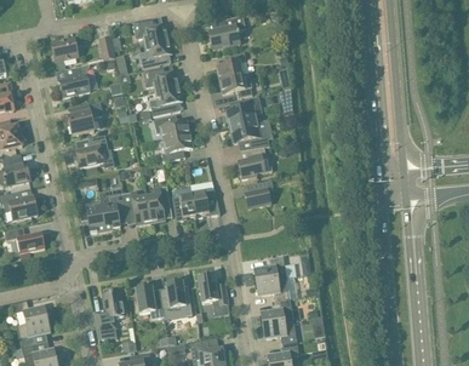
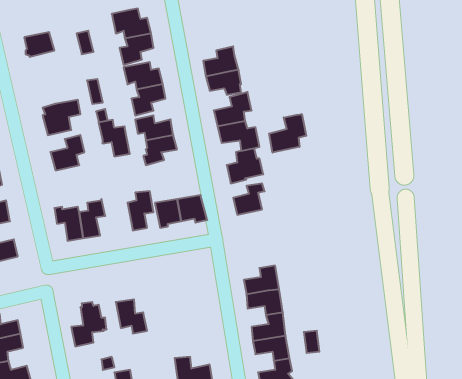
building: [207,13,244,48] -> none
building: [58,64,88,96] -> none
building: none -> [269,114,306,153]
building: [121,190,150,224] -> [99,120,130,156]
building: [198,275,227,304] -> none
building: [160,280,191,319] -> none

